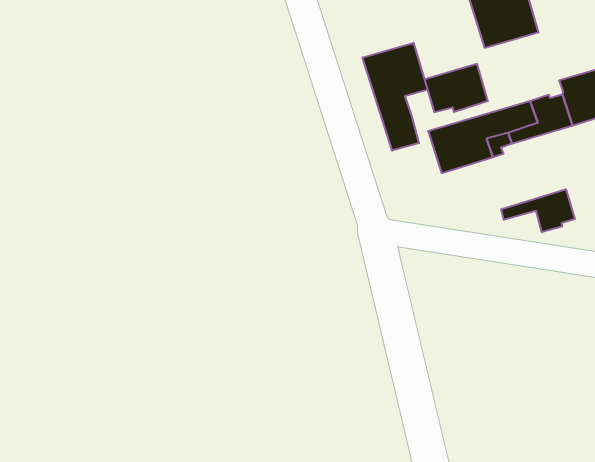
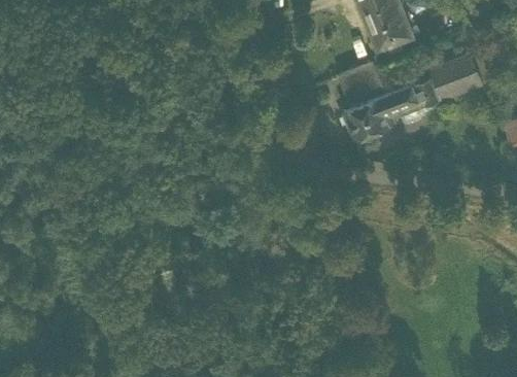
building: [363,43,428,151] -> none
building: [501,189,575,232] -> none

